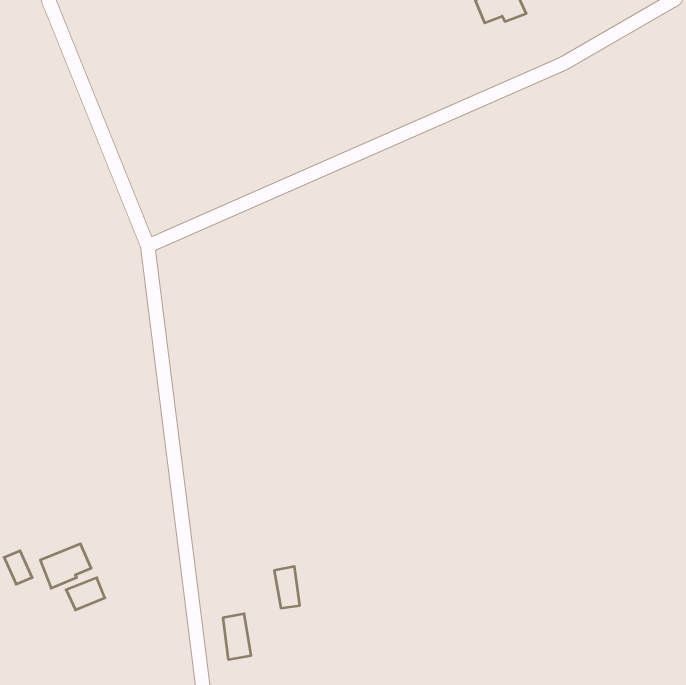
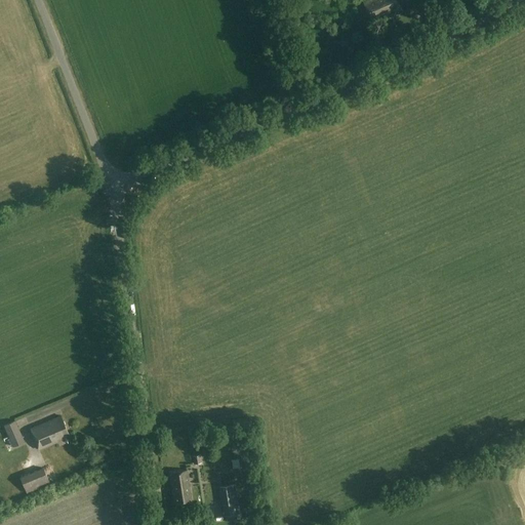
building: [274,566,300,608] -> [219,483,239,515]
building: [66,578,105,610] -> [19,468,49,492]

